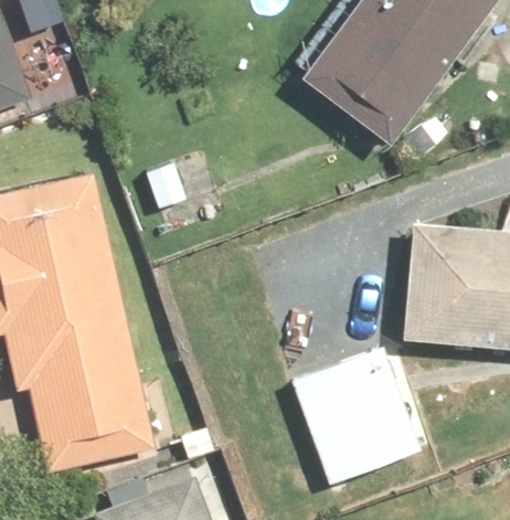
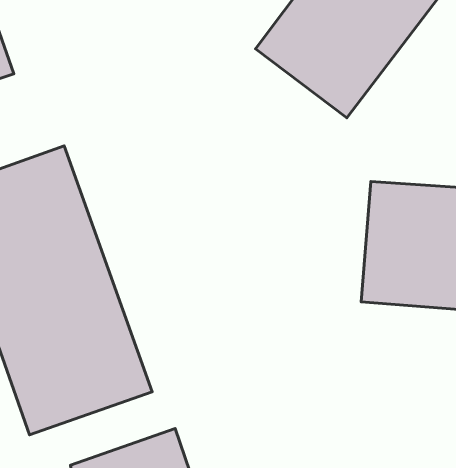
building: [290,342,424,484] -> none

